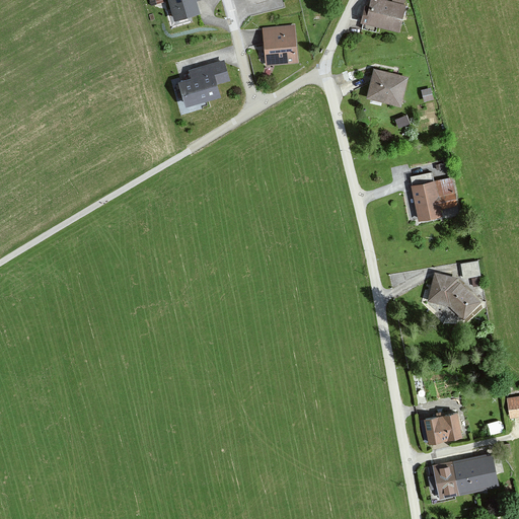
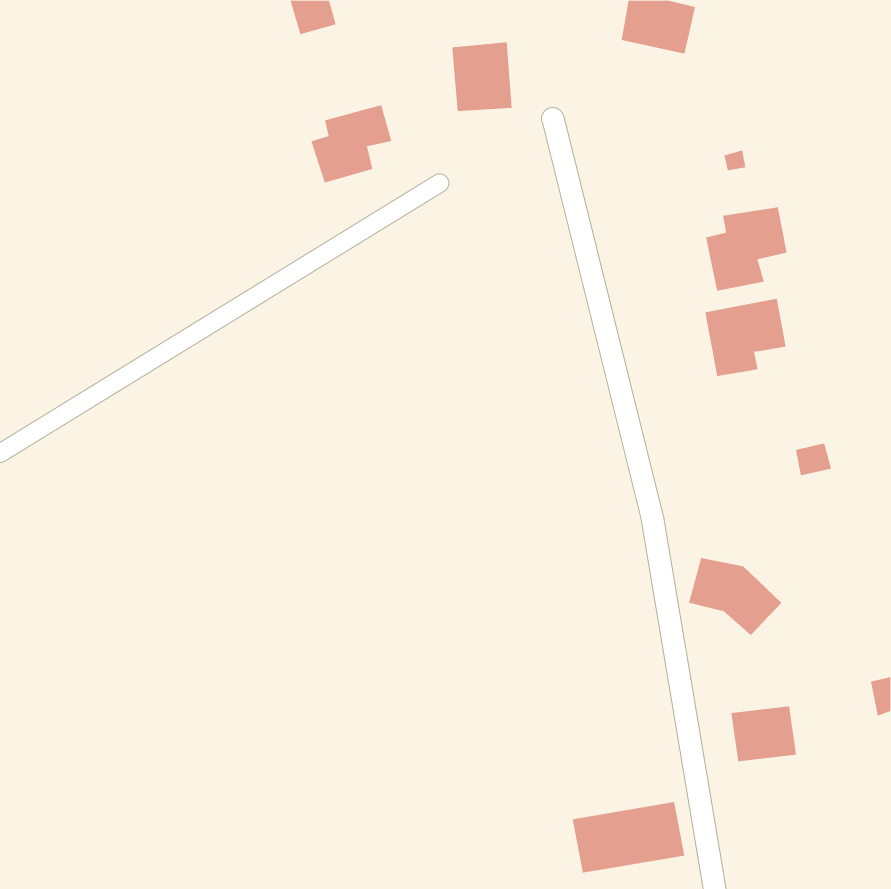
building: [364,68,404,103] -> none
building: none -> [706,207,787,291]
building: [428,274,483,319] -> [688,557,782,636]
building: [432,454,498,496] -> [572,802,685,873]

